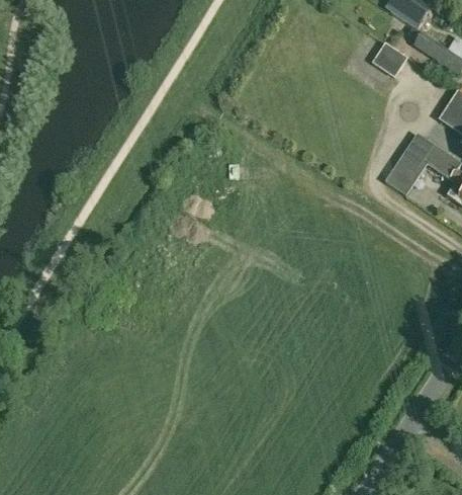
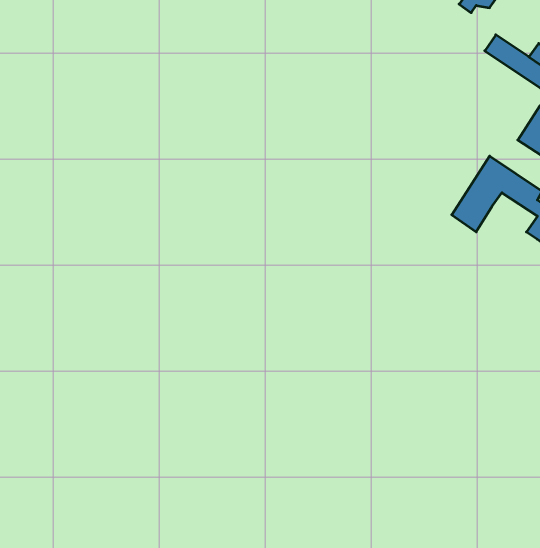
building: [372,43,407,78] -> none

